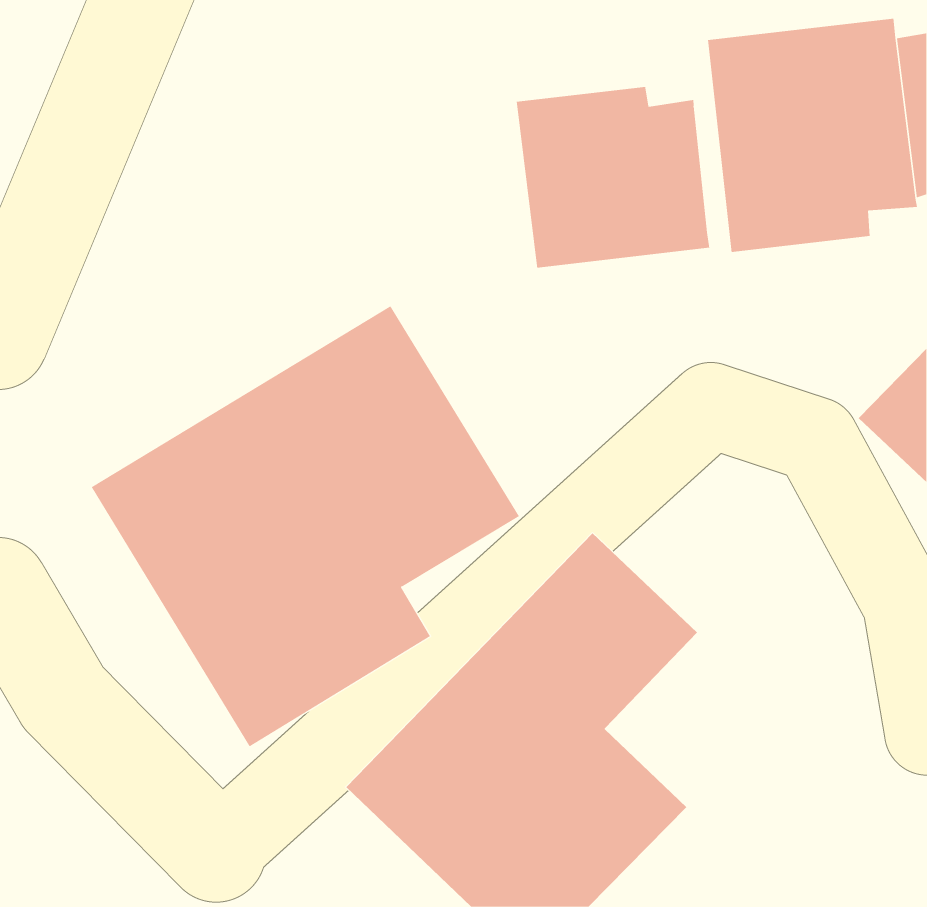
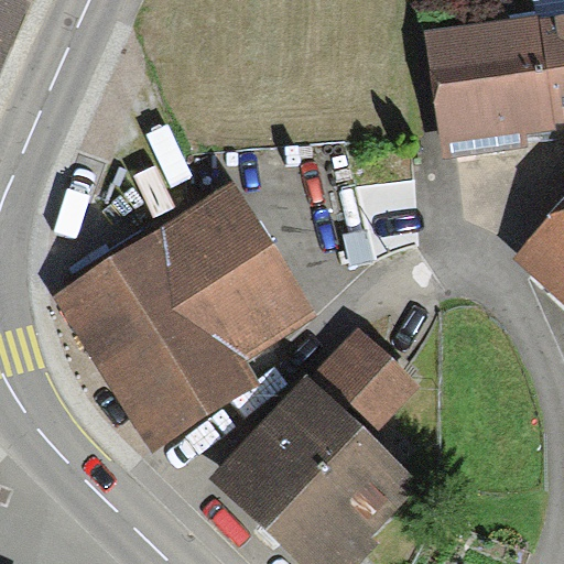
building: [516,86,710,268] -> none

